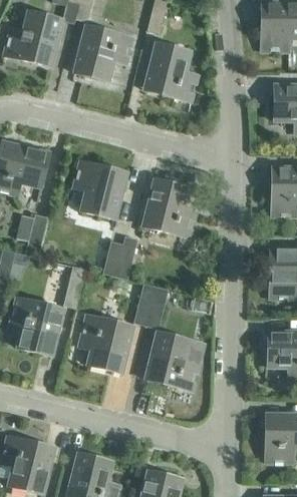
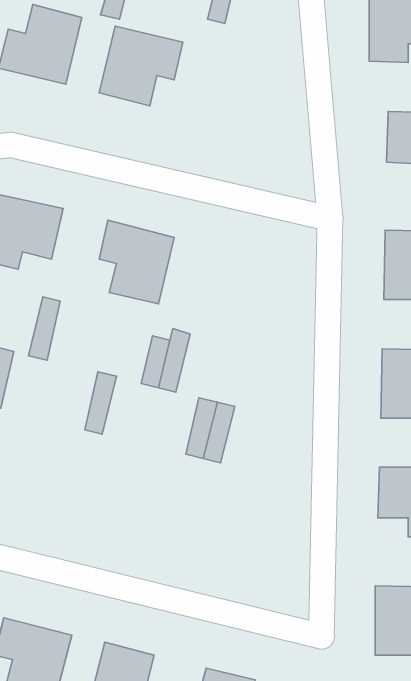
building: [143,43,197,101] -> none
building: [142,179,196,237] -> none
building: [9,298,63,356] -> none
building: [79,315,132,373] -> none
building: [144,332,203,390] -> none

